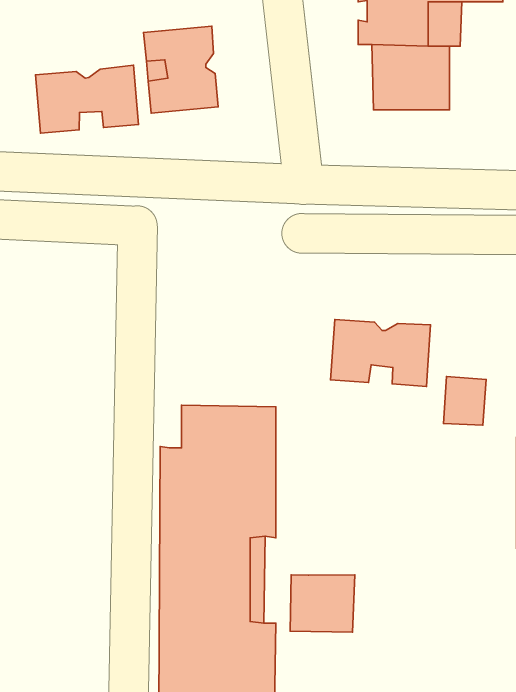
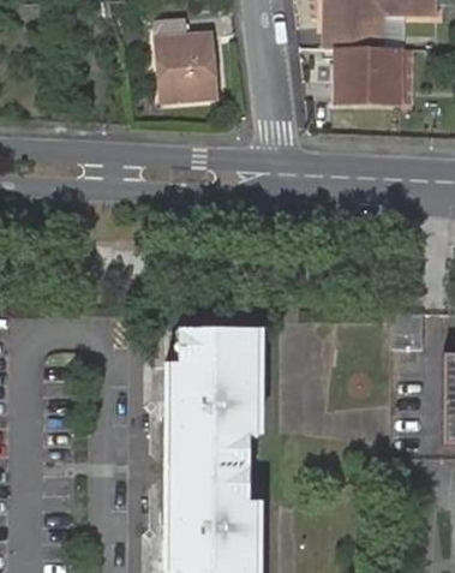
building: [35,65,139,133] -> none
building: [331,320,430,386] -> none
building: [290,575,355,632] -> none

